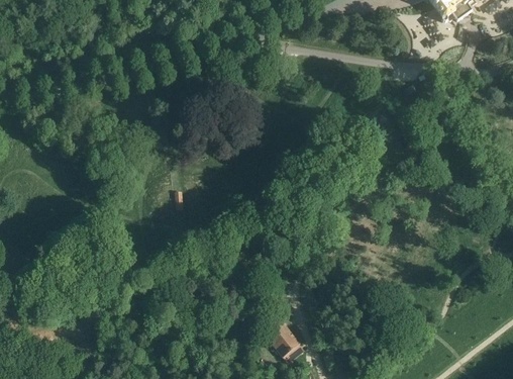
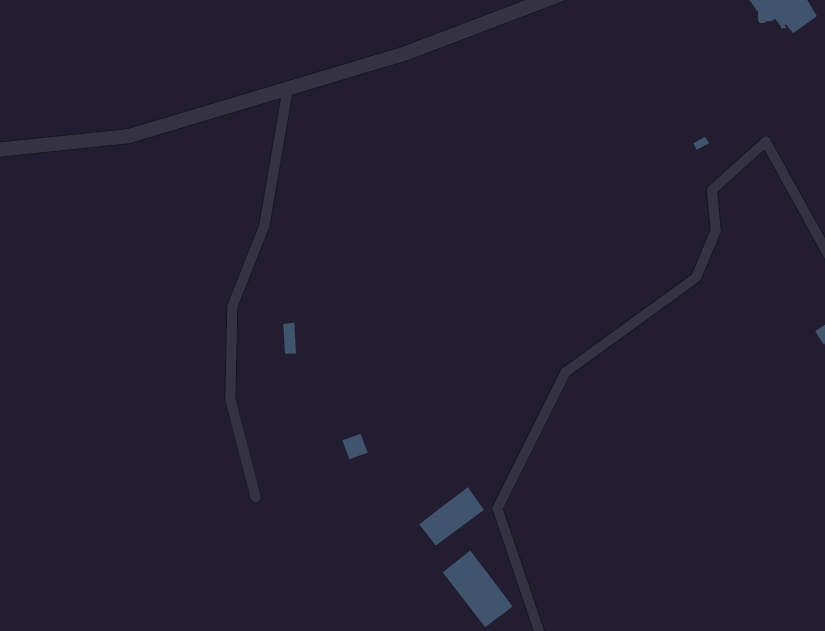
building: none -> [419,486,485,547]

